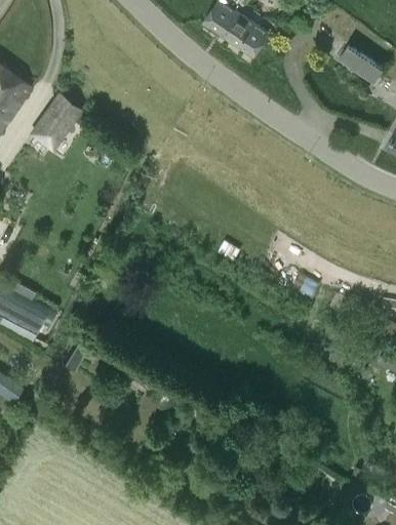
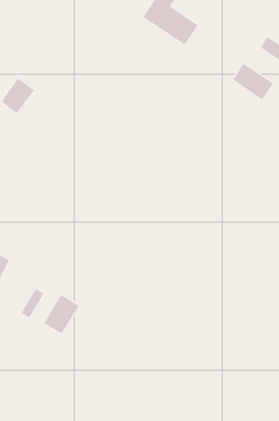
building: none -> [233,63,274,101]
building: none -> [43,294,80,334]

